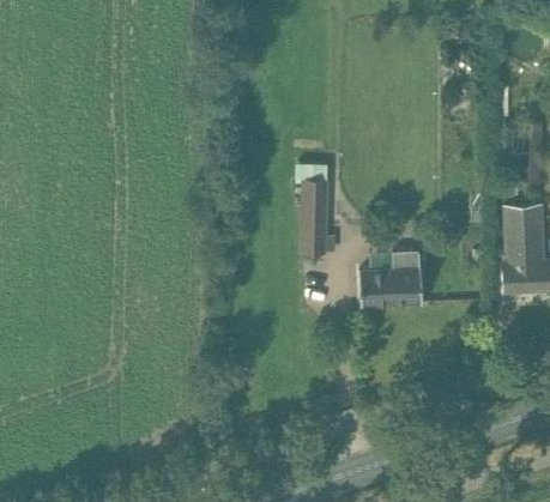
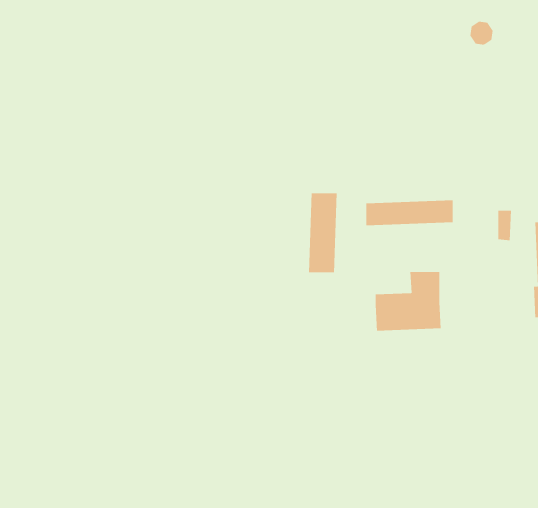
building: none -> [366,199,453,226]

